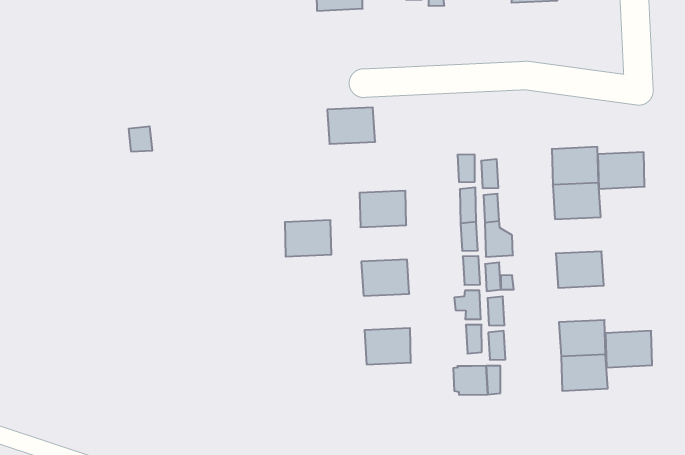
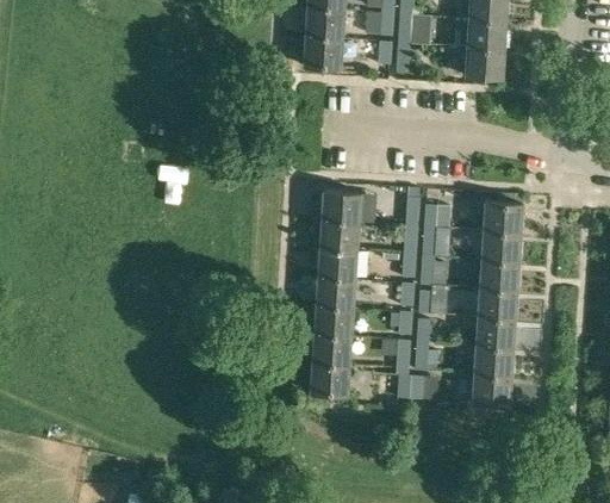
building: [327,108,375,144] -> [322,191,361,222]
building: [598,152,645,189] -> [479,259,519,290]
building: [285,220,331,257] -> [317,248,357,279]
building: none -> [313,305,354,336]
building: [606,331,652,367] -> [475,316,516,347]
building: none -> [310,362,349,393]

